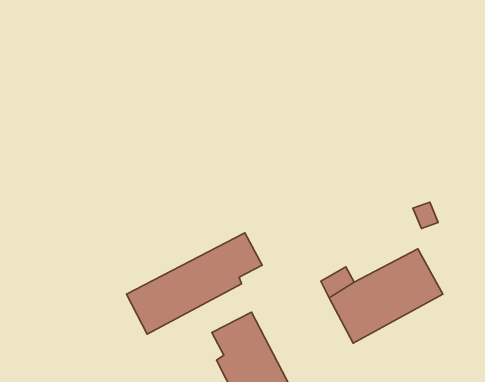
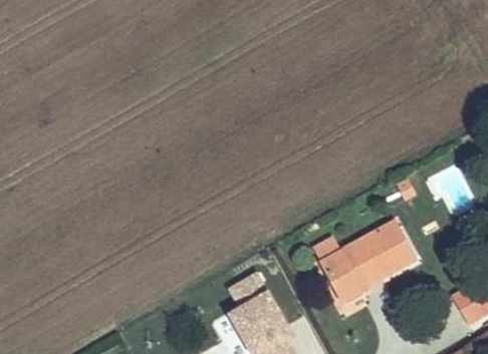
building: [127,233,262,334] -> none

